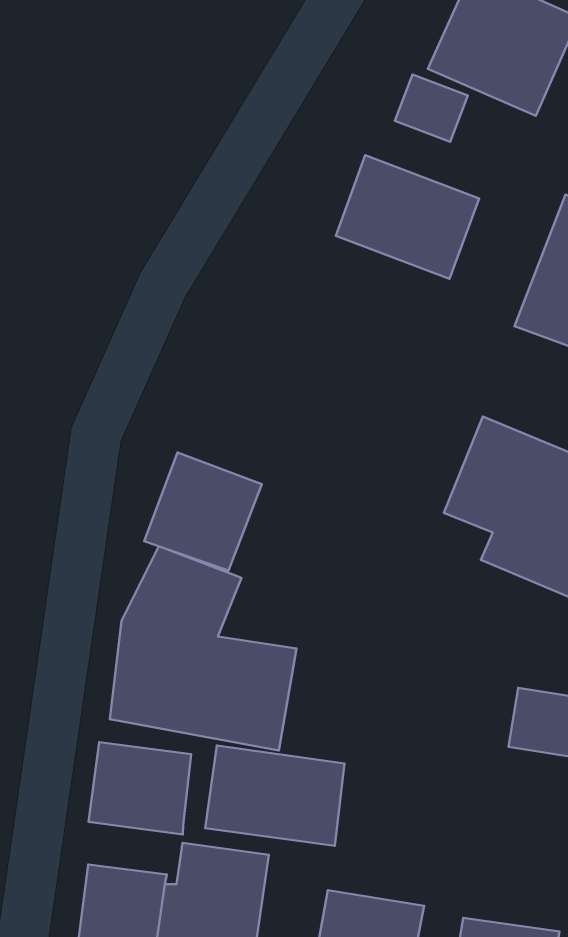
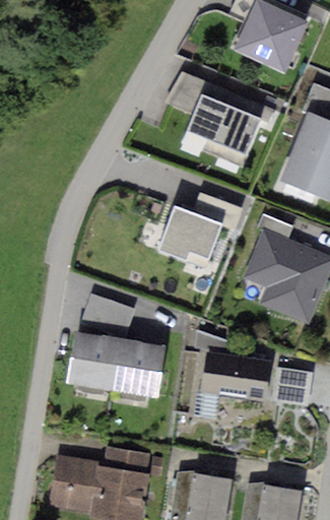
building: [395,75,468,142] -> none
building: [144,453,262,571] -> [157,206,218,267]
building: [89,742,191,834] -> none
building: [205,746,345,846] -> [199,351,271,403]

